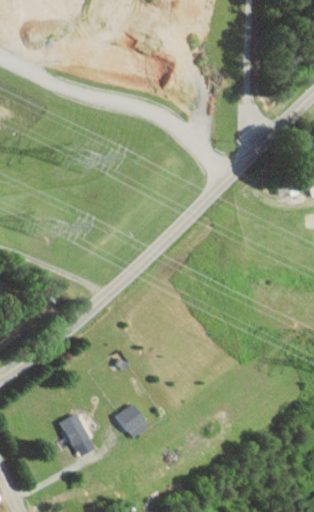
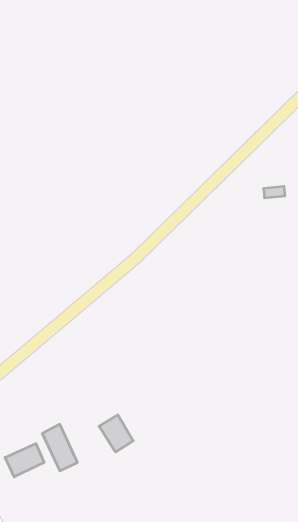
building: none -> [5,444,44,477]

